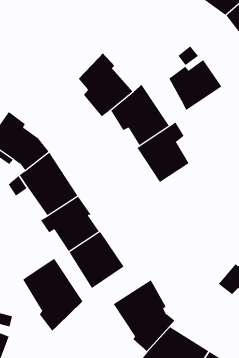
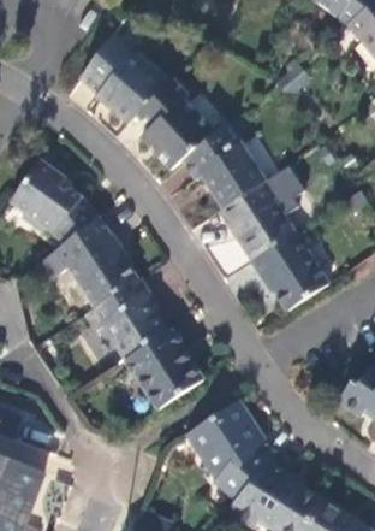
building: none -> [79,35,166,125]
building: [168,59,222,111] -> none
building: none -> [252,234,327,309]
building: [22,258,83,332] -> none

